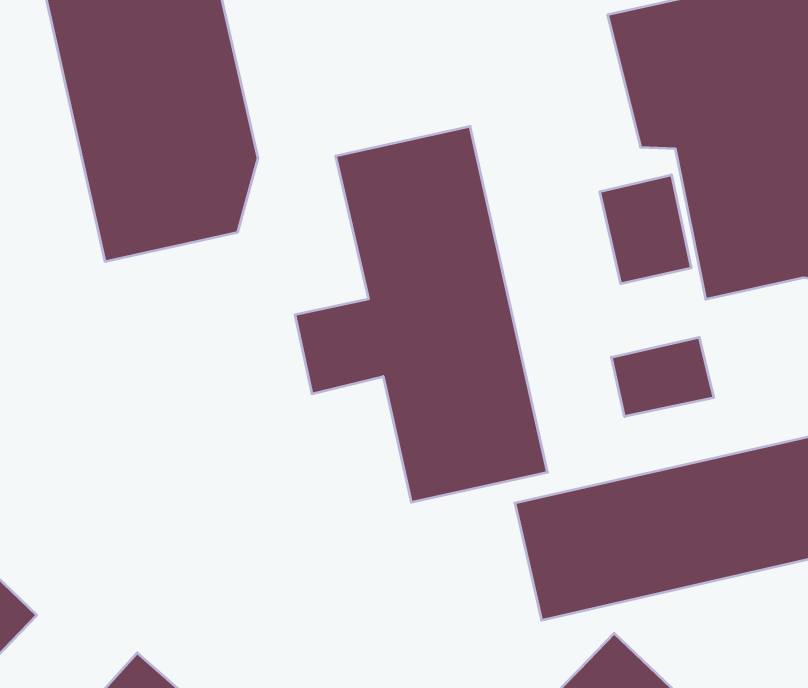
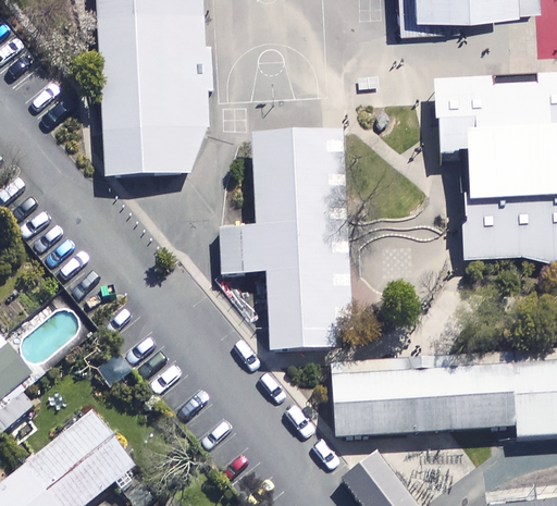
building: [600,175,691,284] -> none
building: [611,337,714,417] -> none

